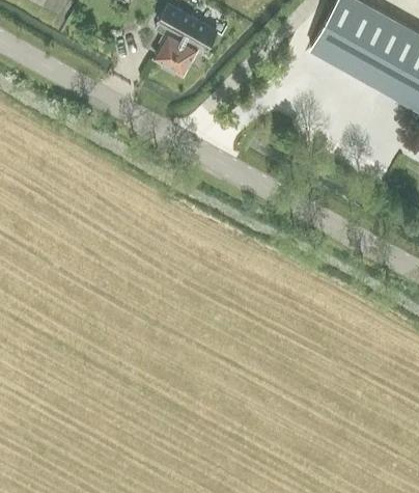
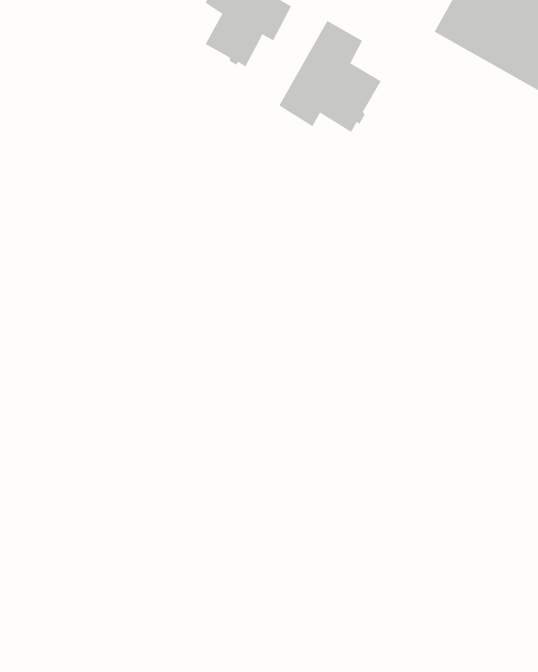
building: none -> [279,20,381,133]

